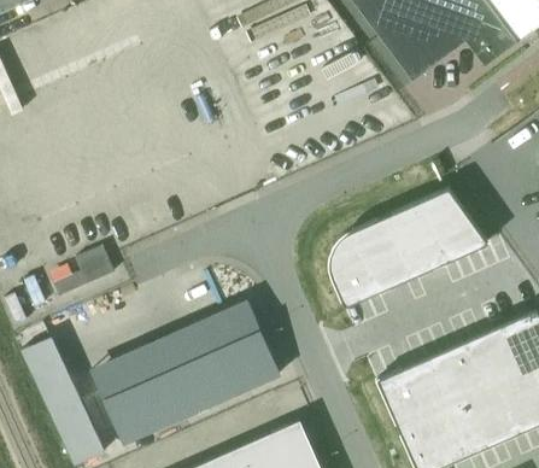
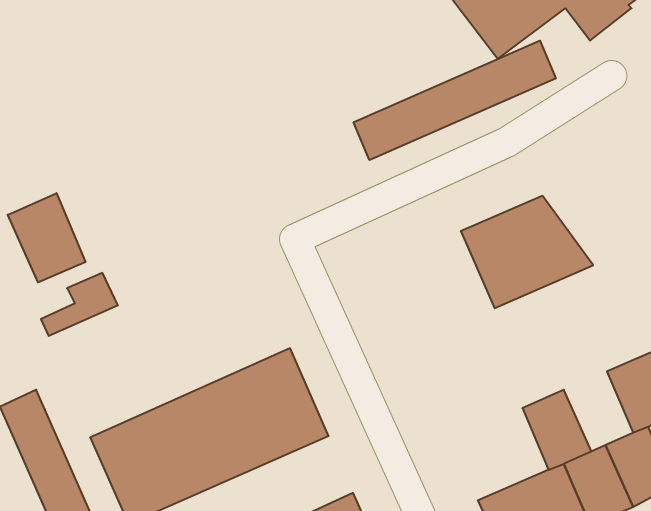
building: none -> [354,41,556,160]
building: none -> [8,193,86,282]
building: [328,216,410,305] -> none
building: [464,326,519,388] -> none
building: [376,355,452,427] -> none

